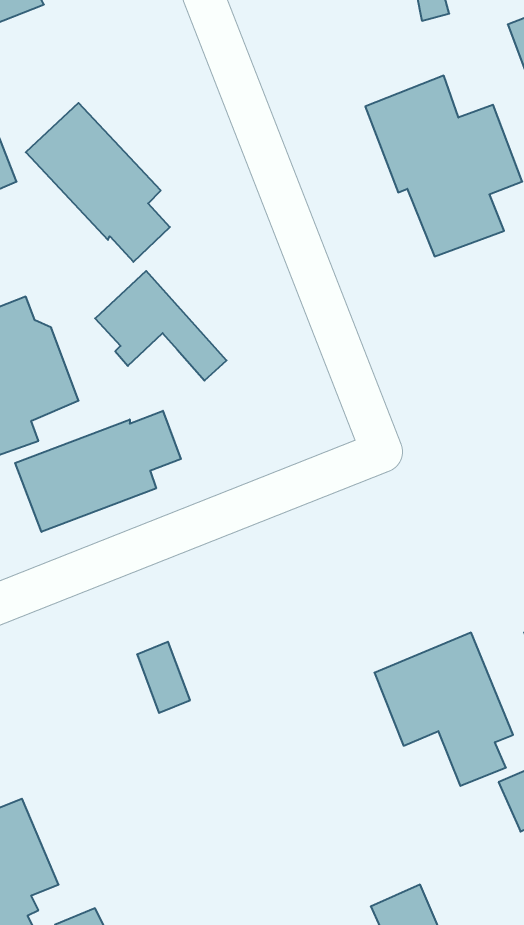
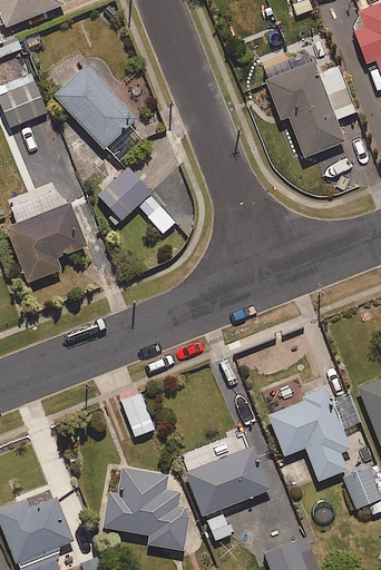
building: [15,411,181,532] -> none
building: none -> [186,433,271,541]
building: none -> [102,470,188,550]

